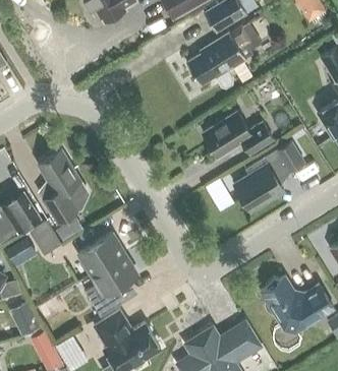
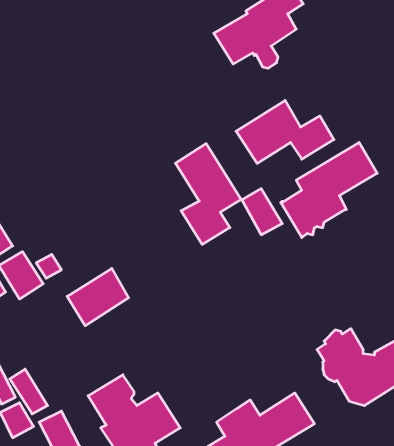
building: [38,150,86,224] -> [175,144,241,244]
building: [86,254,136,317] -> none

